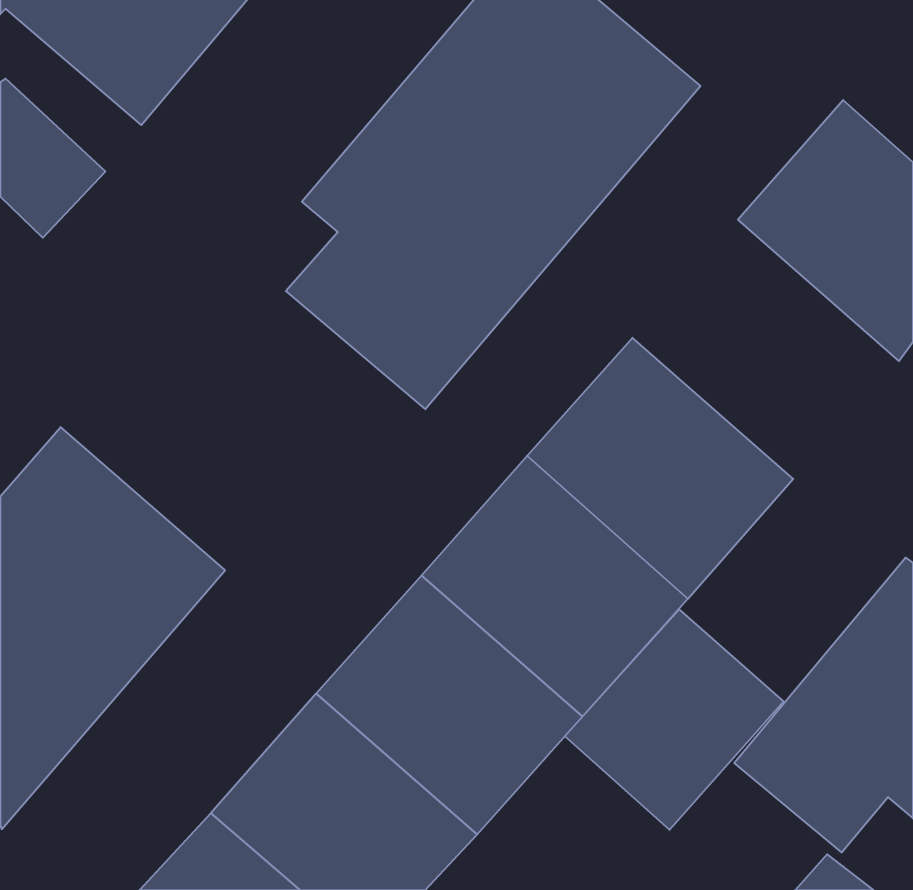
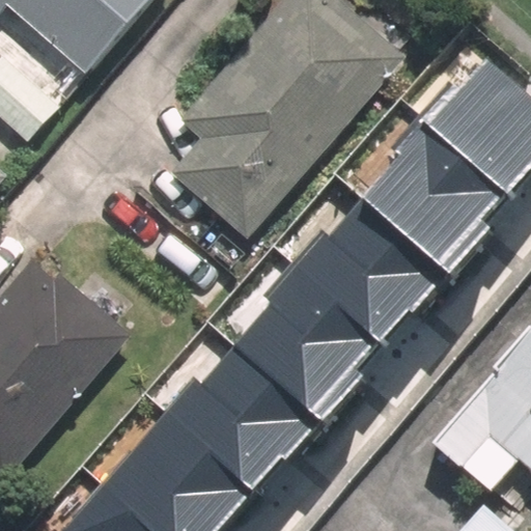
building: none -> [367,128,522,278]
building: [565,609,784,830] -> none

